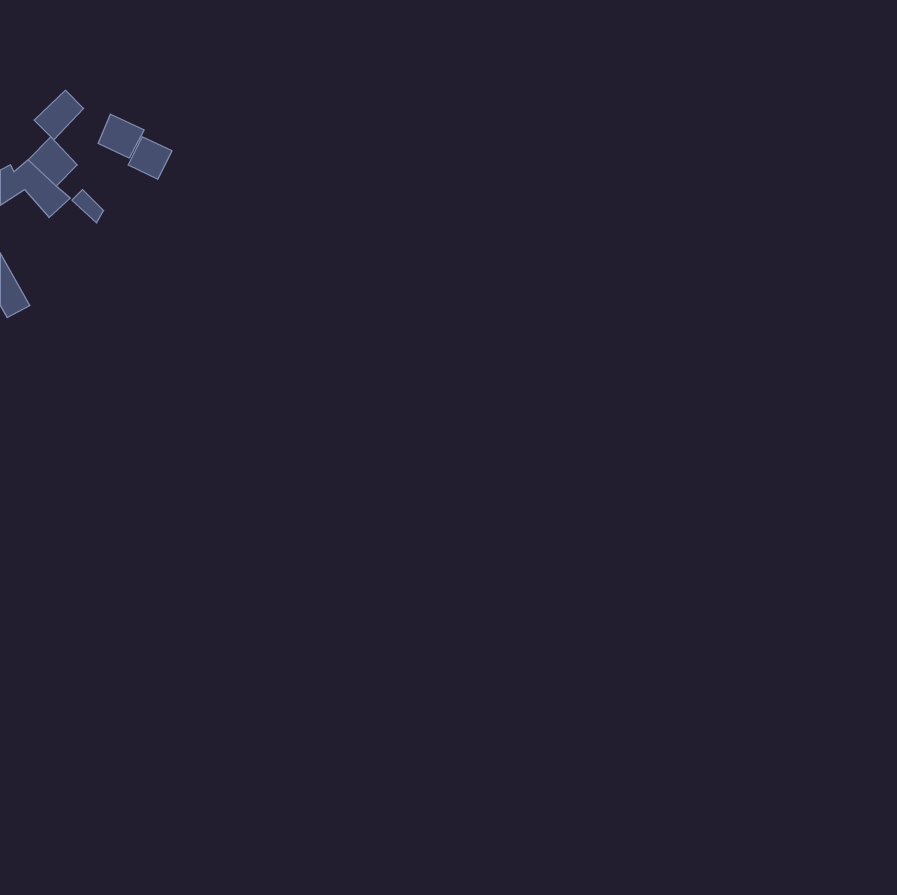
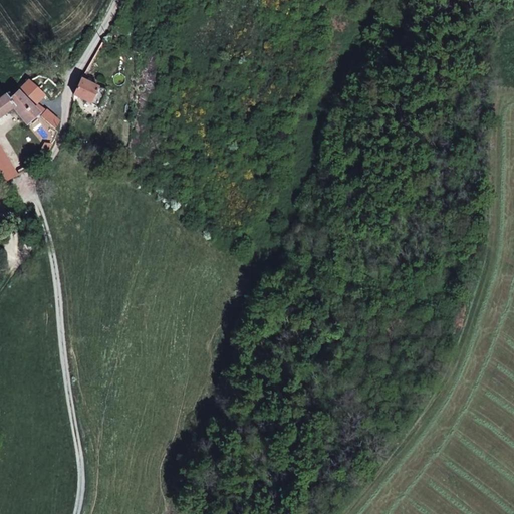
building: [34,90,84,140] -> none
building: [98,114,144,158] -> none

